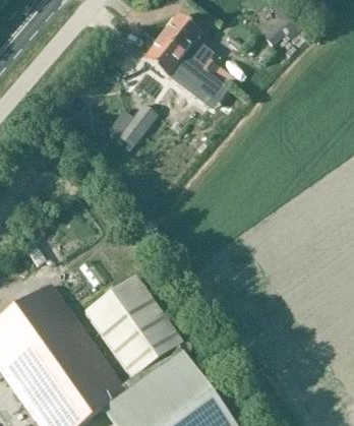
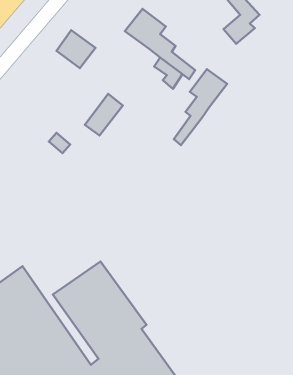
building: [144,36,185,75] -> [57,30,96,68]
building: none -> [174,69,227,145]

